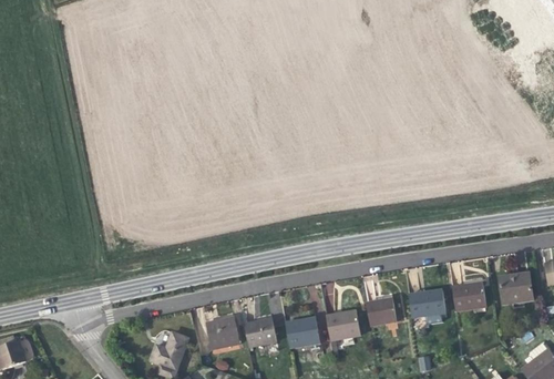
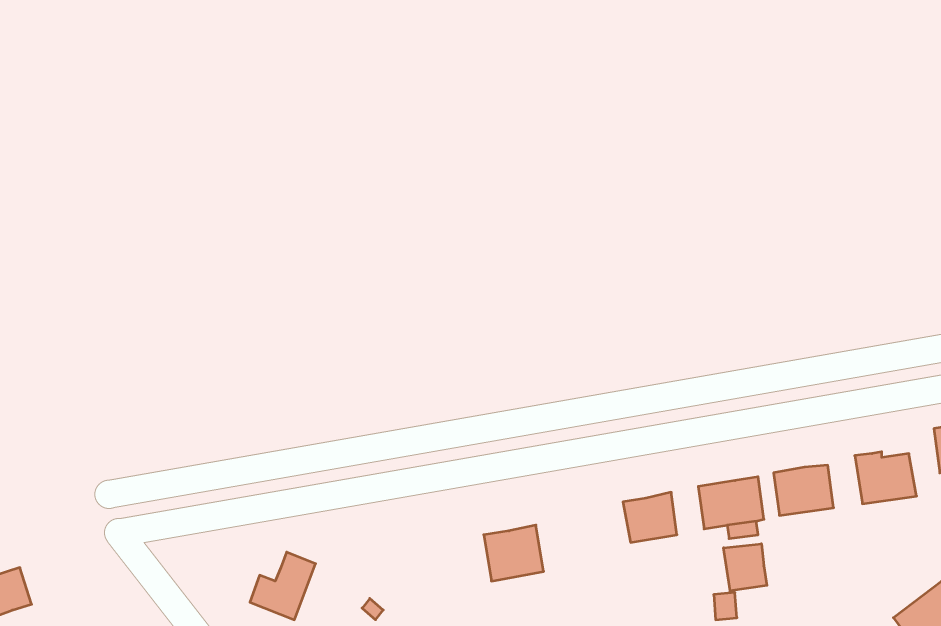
building: [326,309,361,340] -> none
building: [206,316,240,349] -> none
building: [245,317,279,354] -> none
building: none -> [724,544,767,591]

